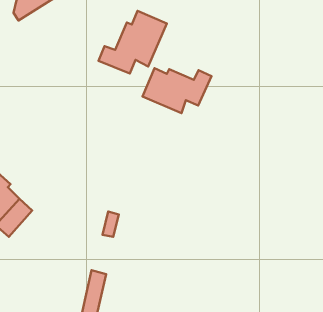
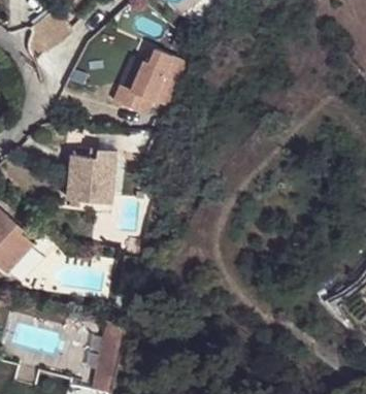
building: [143,68,211,113] -> none
building: none -> [67,149,117,203]

